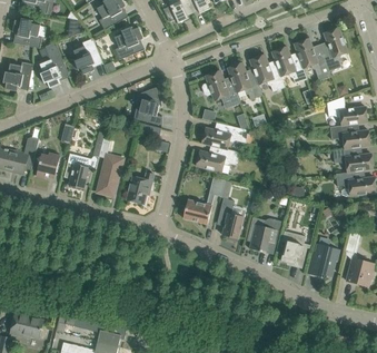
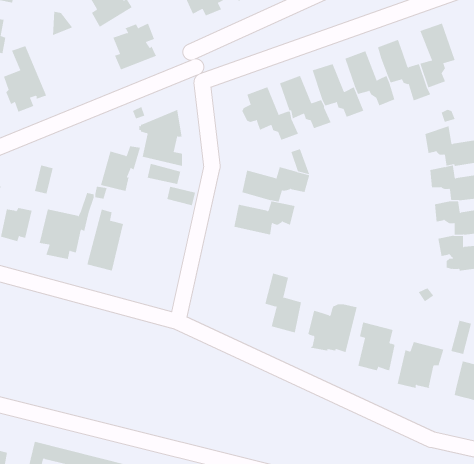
building: [72,38,102,75] -> none
building: [126,173,153,204] -> [100,146,141,192]
building: [182,177,225,224] -> none

